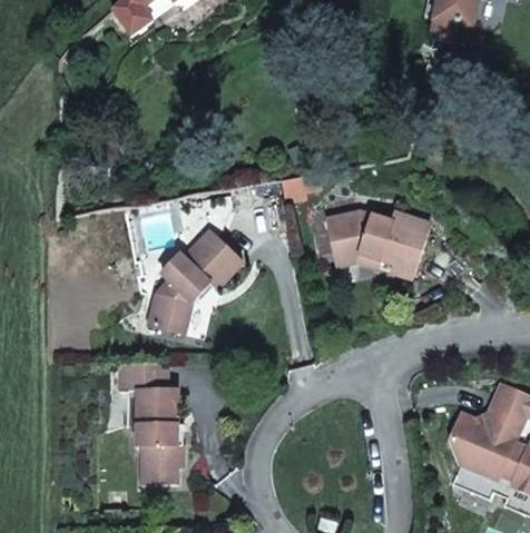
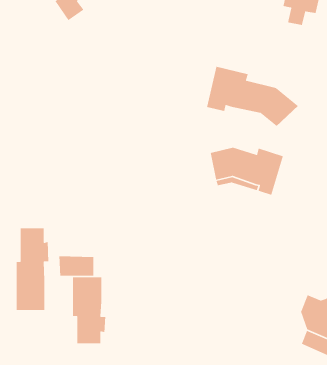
building: none -> [206,66,299,127]
building: [147,228,242,332] -> none
building: none -> [16,227,49,311]

